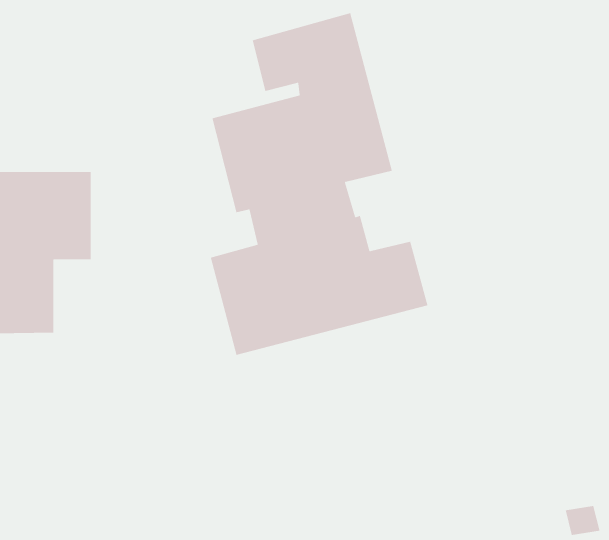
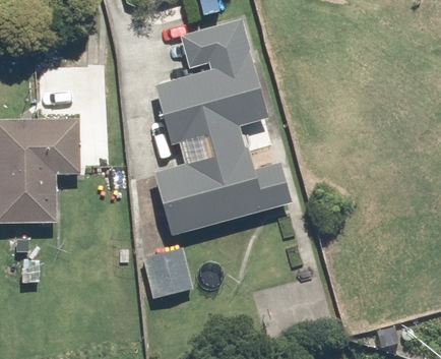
building: none -> [143,247,193,298]

